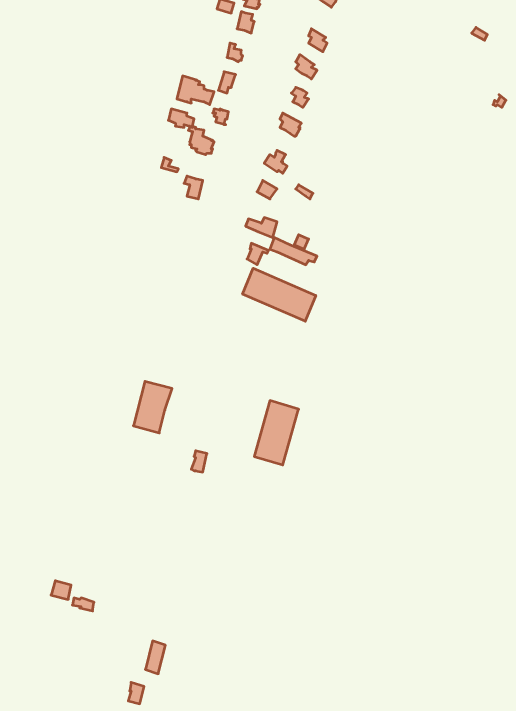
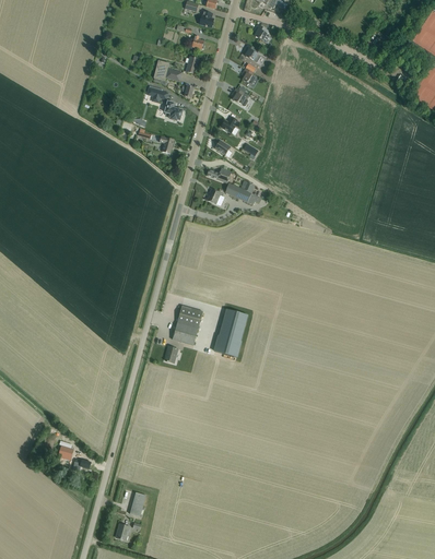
building: [243,268,316,321] -> none
building: [133,381,172,433] -> [173,306,202,345]

